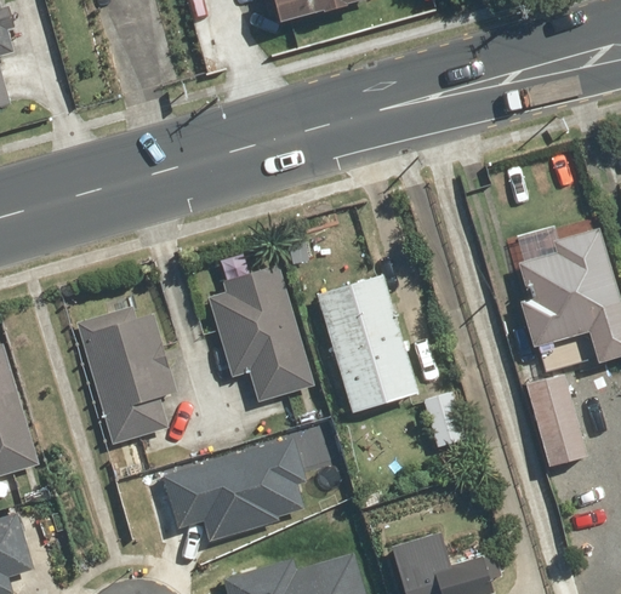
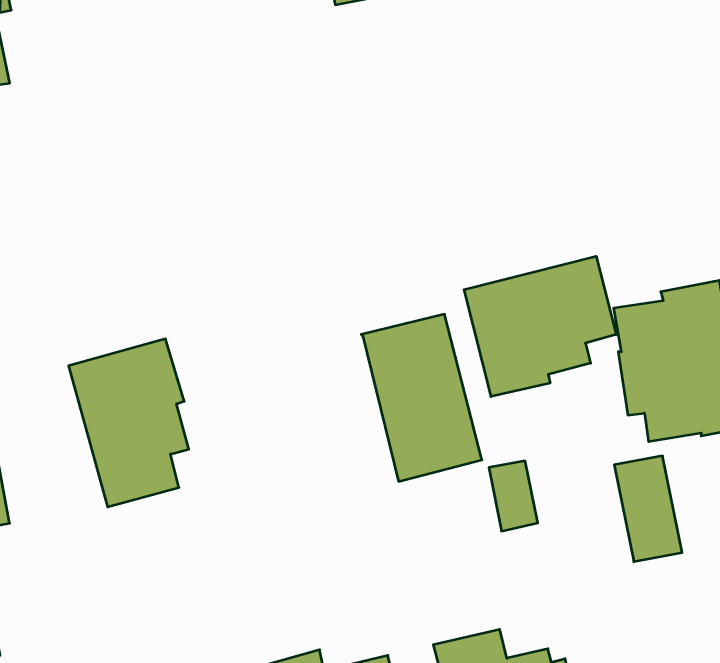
building: none -> [464,256,616,397]
building: [209,261,315,404] -> none
building: [161,440,303,541] -> none

